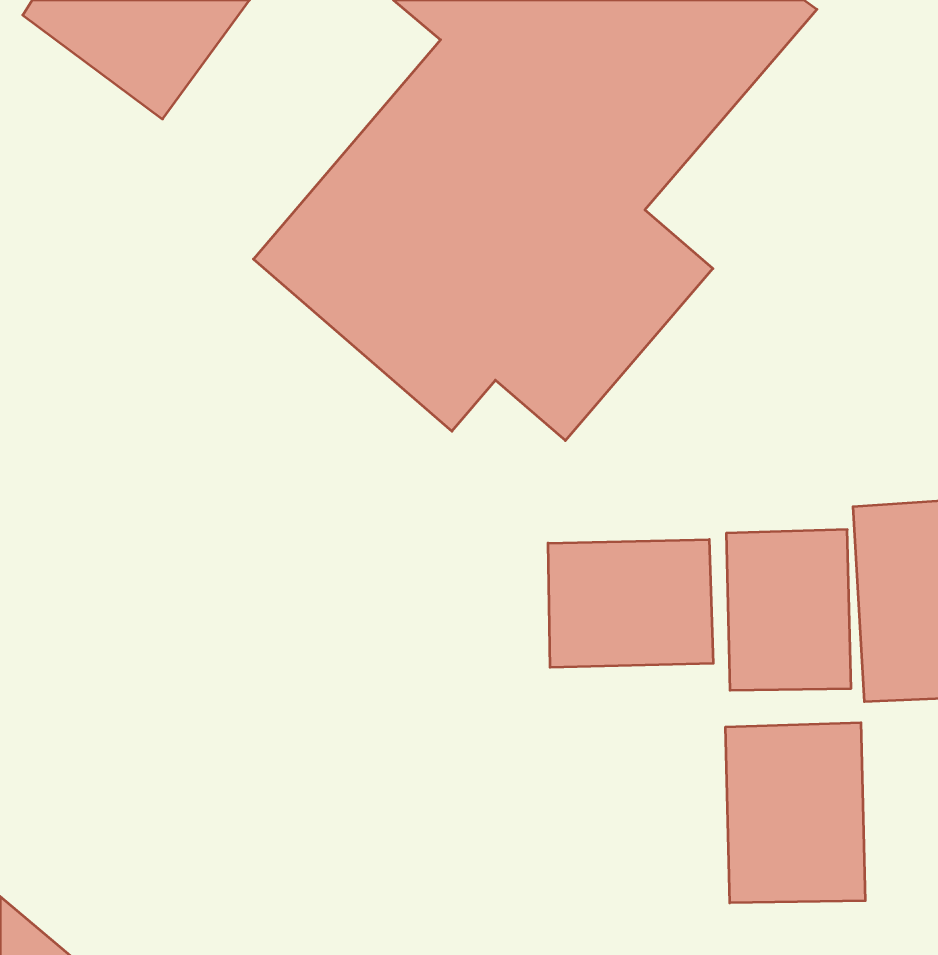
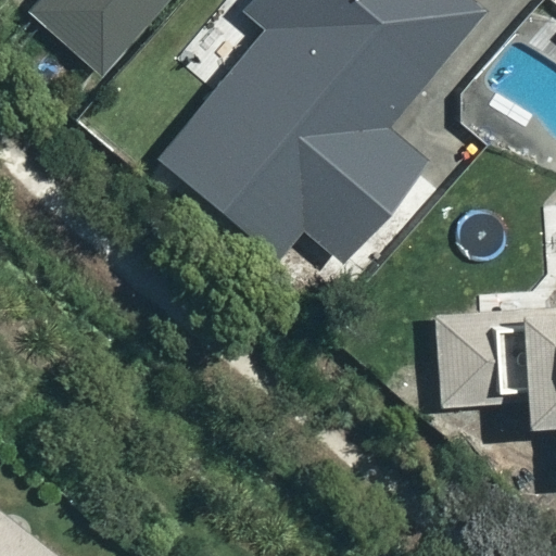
building: [548,539,713,667] -> none
building: [726,723,865,903] -> none

